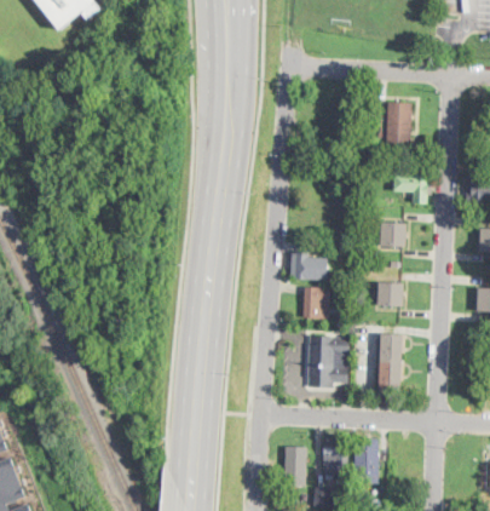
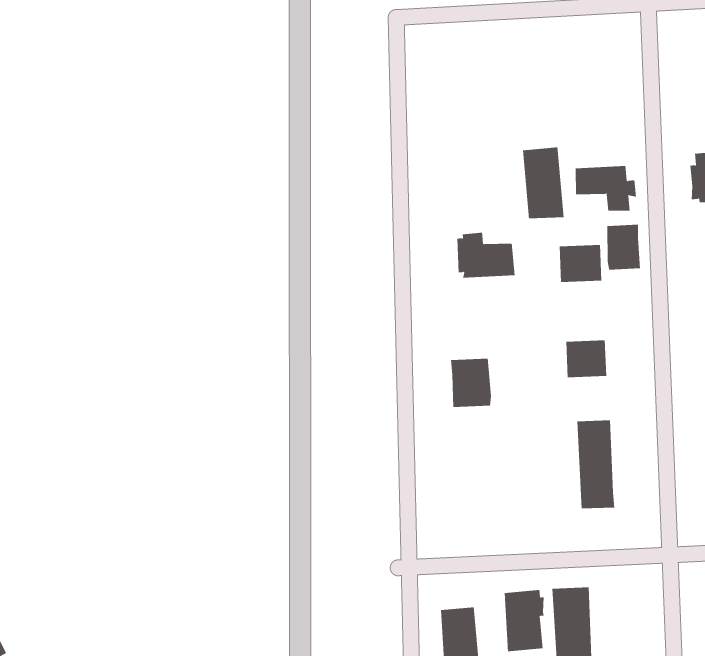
building: [387,103,410,148] -> [522,147,565,219]
building: none -> [607,224,641,271]
building: [290,252,327,281] -> [457,232,516,278]
building: [307,337,350,390] -> none

